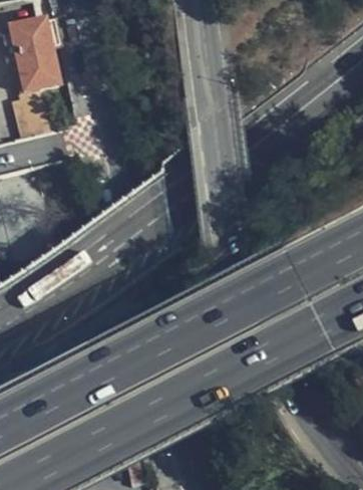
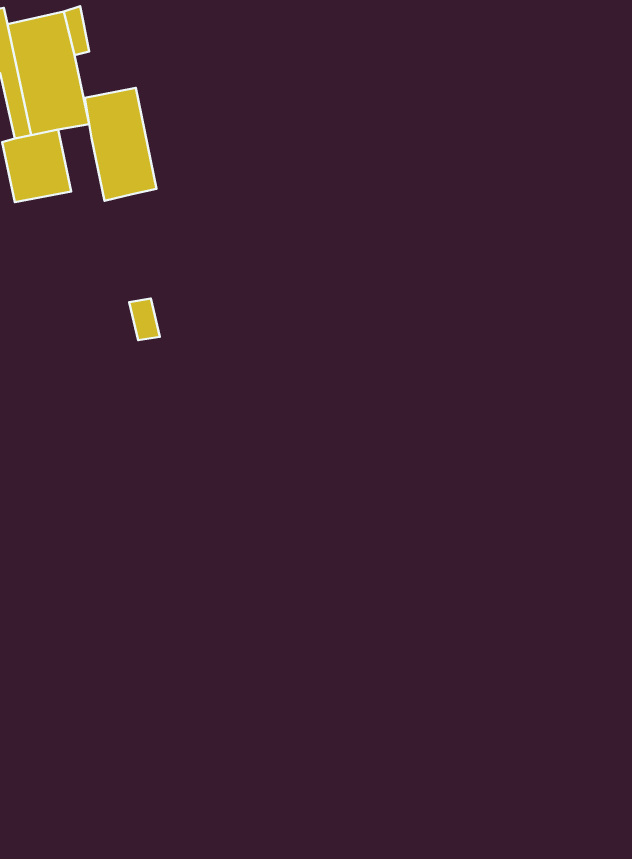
building: none -> [85,88,156,201]

